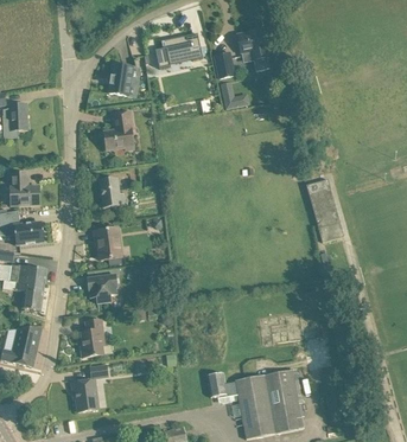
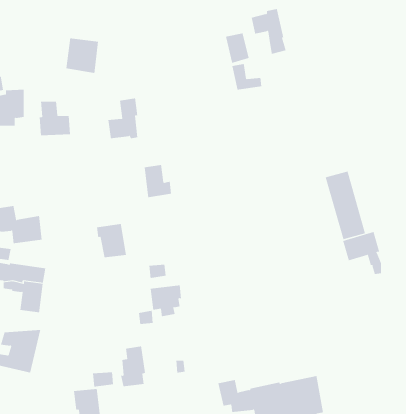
building: [154,33,202,68] -> none
building: [108,64,139,97] -> [66,38,99,74]
building: [9,173,39,205] -> [39,101,71,136]
building: [98,178,125,209] -> [144,165,172,198]
building: none -> [342,231,382,275]
building: [87,274,116,303] -> [150,285,182,317]
building: [80,319,103,357] -> [120,346,146,387]

